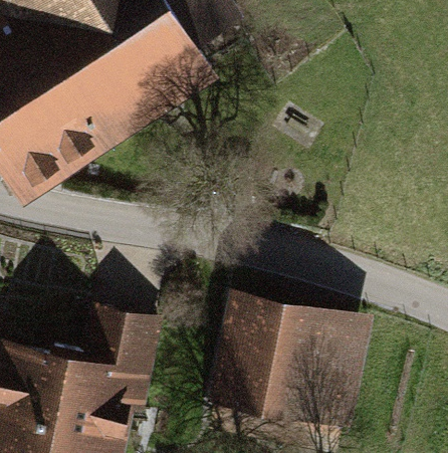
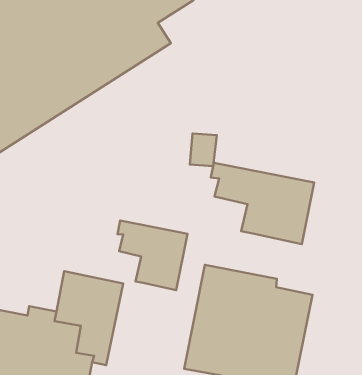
building: none -> [211,163,314,244]
building: none -> [117,221,187,290]

